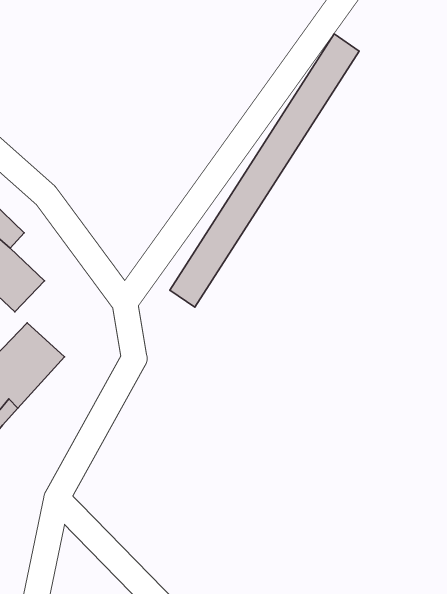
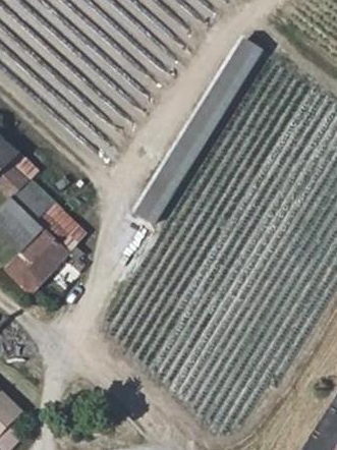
building: none -> [35,202,85,251]

